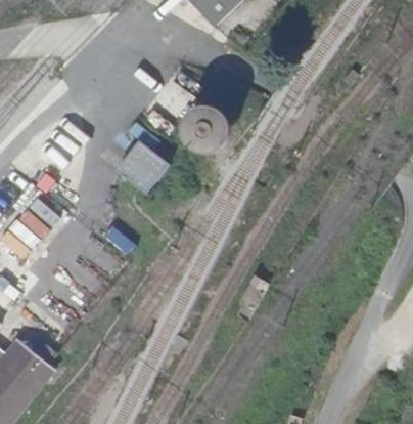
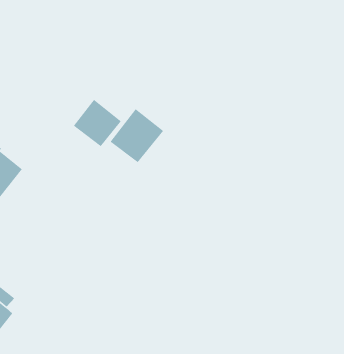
building: none -> [109,108,164,163]

